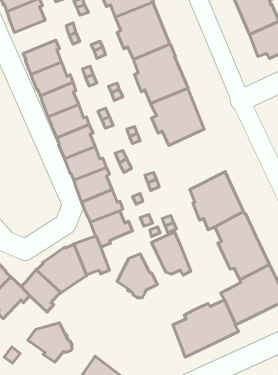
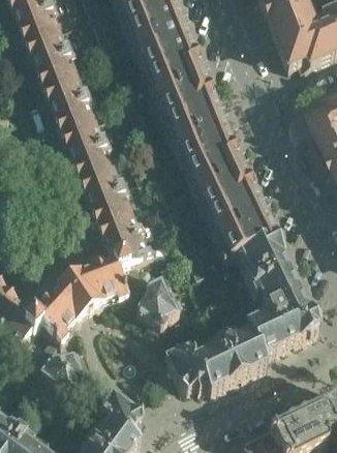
building: none -> [23,24,67,60]
building: none -> [189,142,250,207]
building: [151,232,191,275] -> [162,339,205,386]

